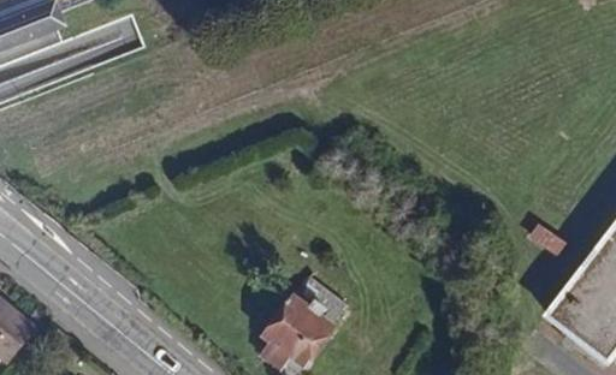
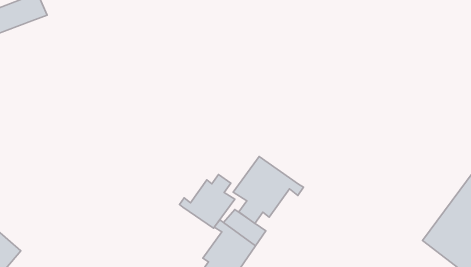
building: none -> [233,157,303,223]
building: none -> [179,175,235,228]

